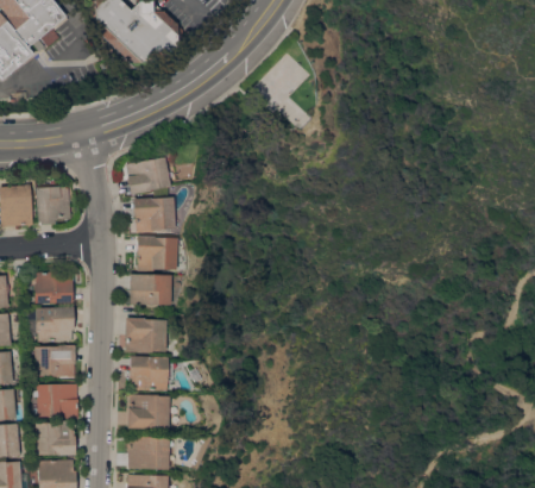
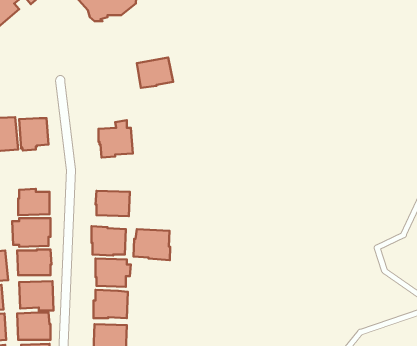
building: [125,157,169,194] -> [137,57,173,88]
building: [136,236,176,271] -> none
building: none -> [133,229,170,260]

